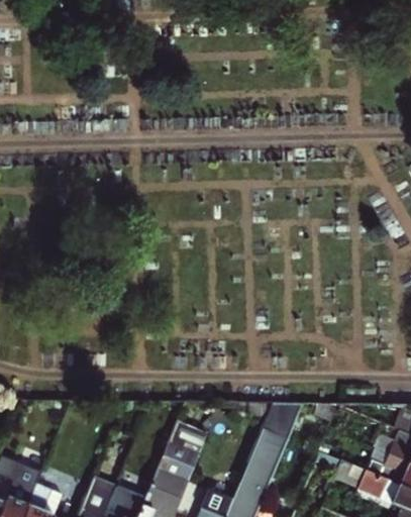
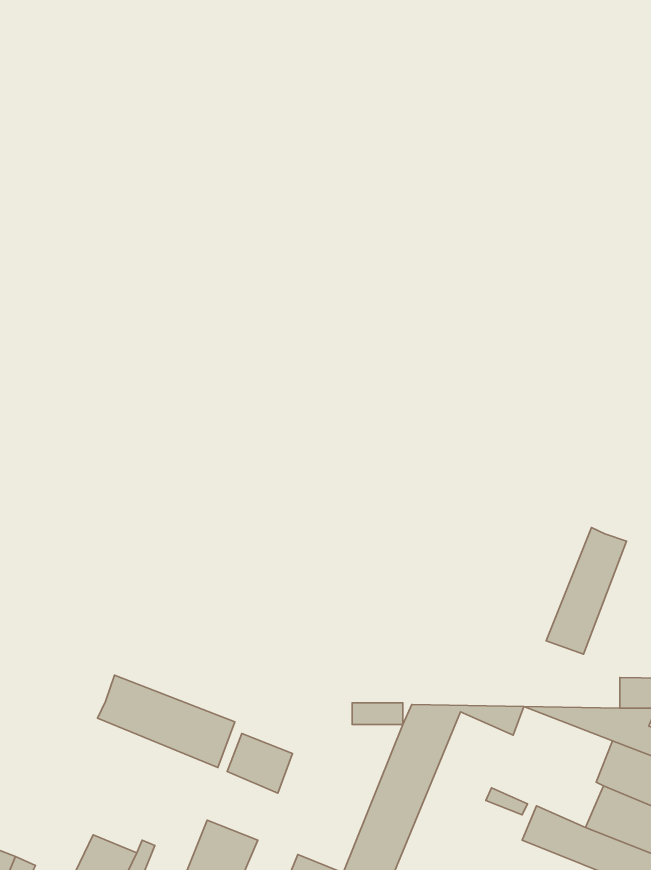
building: none -> [546,528,626,654]
building: none -> [98,675,235,767]
building: [157,449,196,488] -> none

